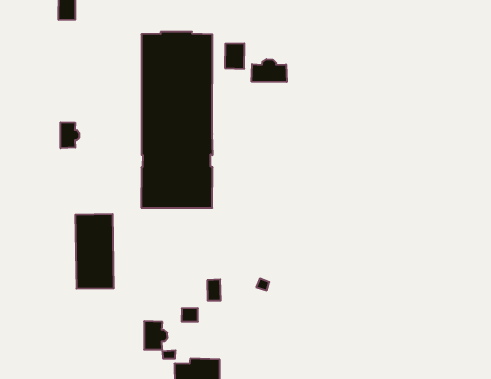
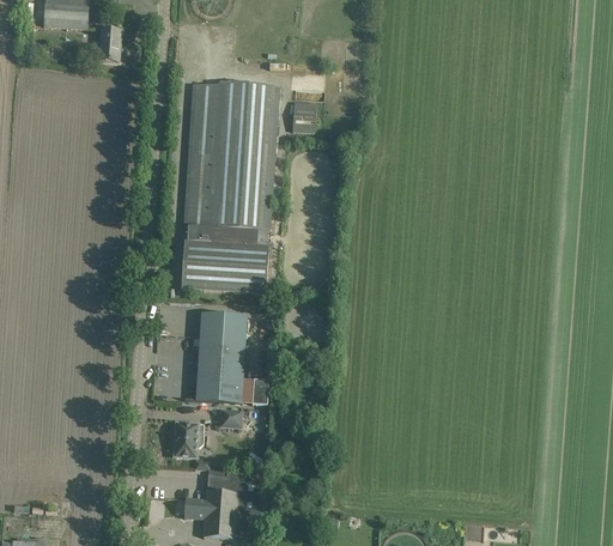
building: [252,59,287,82] -> none
building: [61,122,79,148] -> none
building: [75,214,114,289] -> [195,314,244,404]

